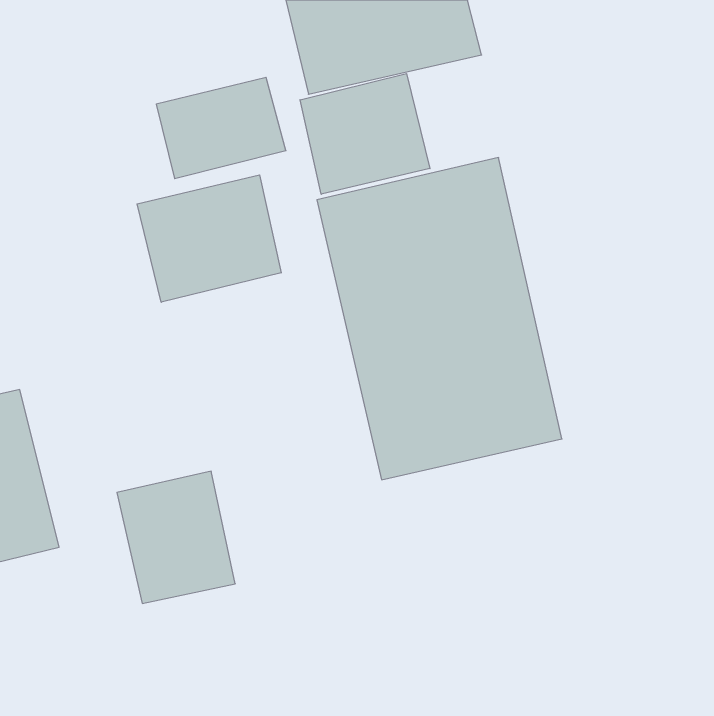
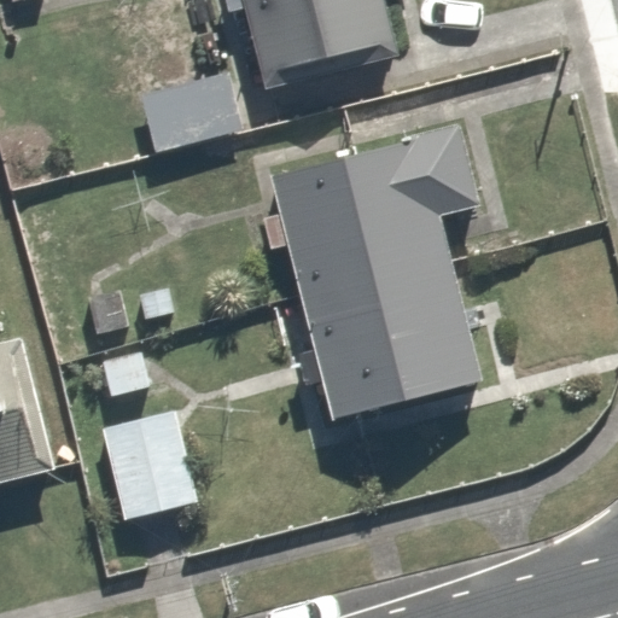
building: [300,74,430,194] -> none
building: [137,175,281,302] -> none

